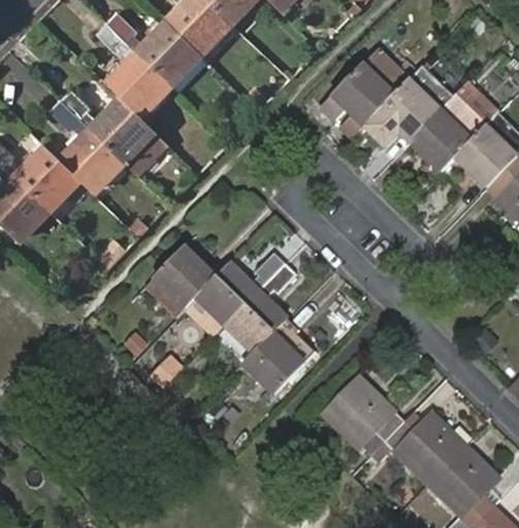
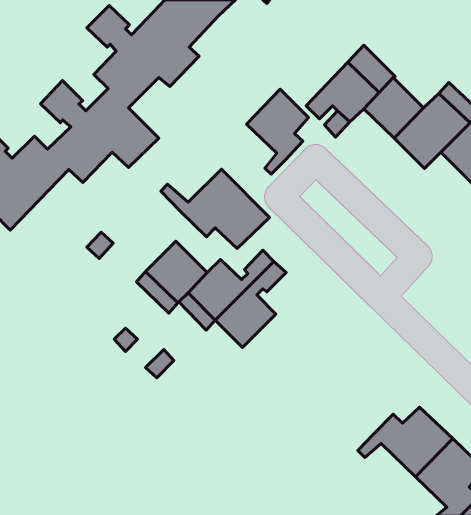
building: [409,67,455,111] -> none
building: none -> [247,89,309,174]
building: none -> [161,169,270,248]
building: [246,322,317,397] -> none
building: [327,380,409,452] -> none

